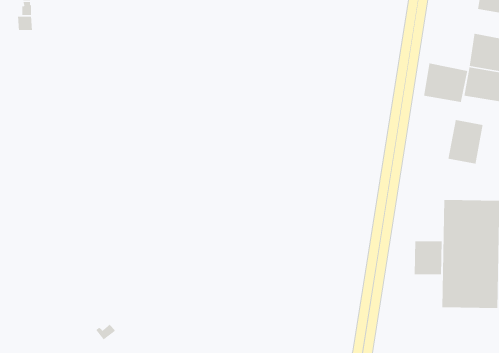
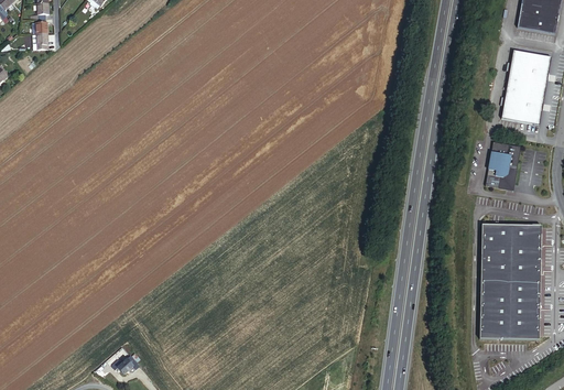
building: [423,63,468,103] -> none
building: [414,240,443,275] -> none

